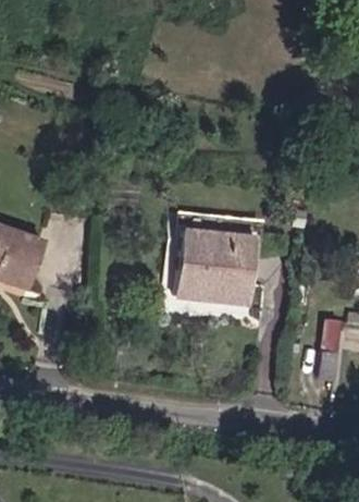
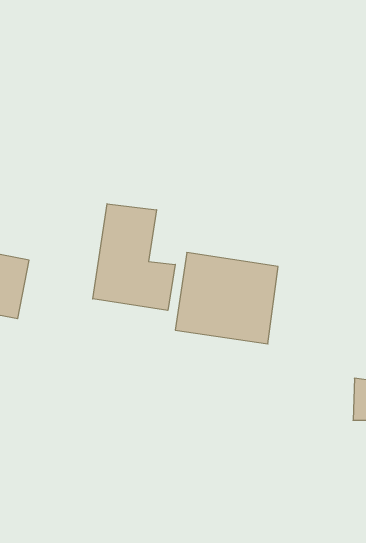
building: none -> [93,204,175,310]

